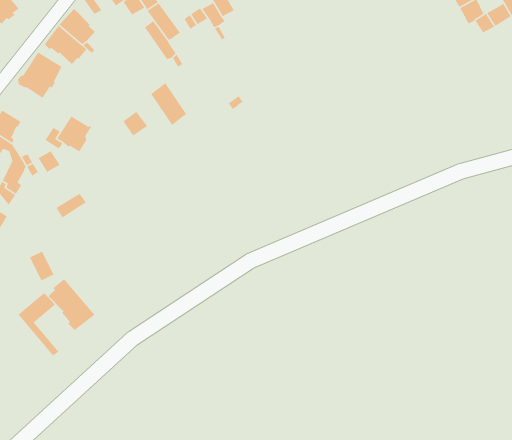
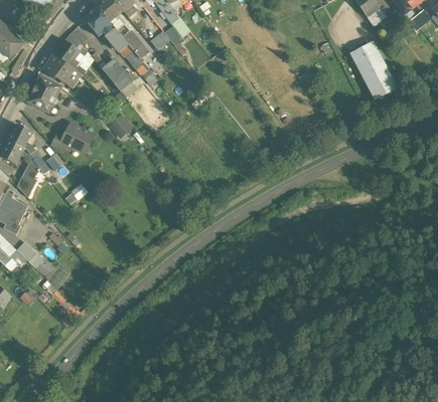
building: none -> [354,43,394,95]
building: [150,82,187,126] -> [102,57,132,90]
building: [48,279,96,331] -> none

